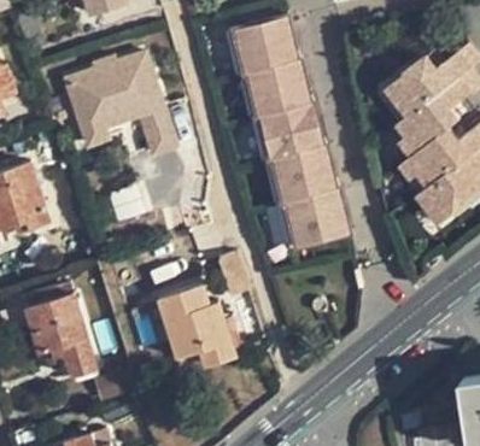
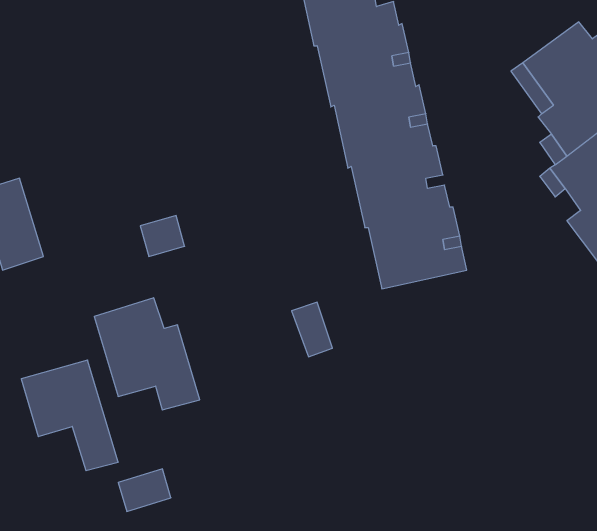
building: [65,51,181,155] -> none
building: [158,287,233,366] -> [94,298,200,410]

